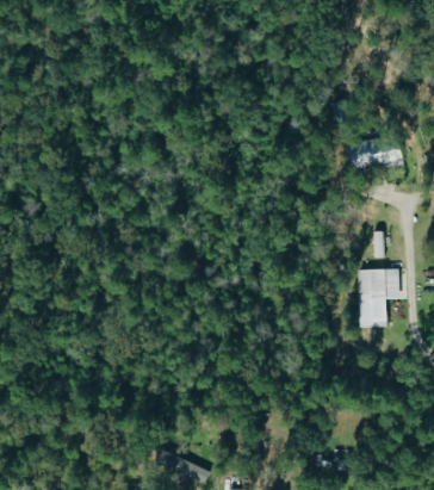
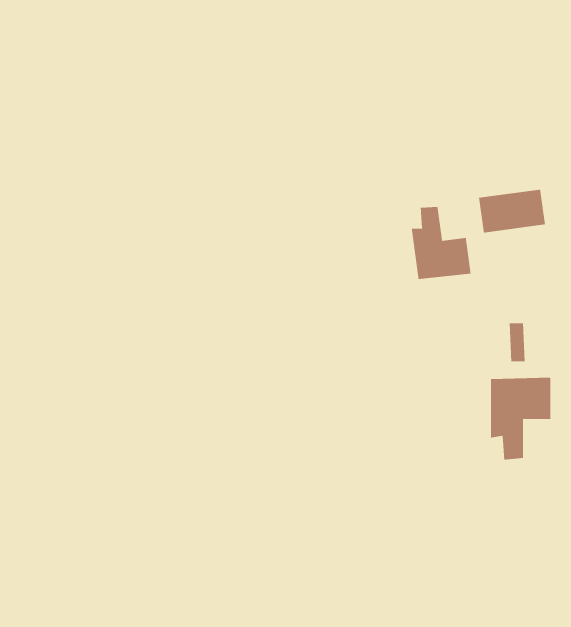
building: none -> [411,206,471,280]

